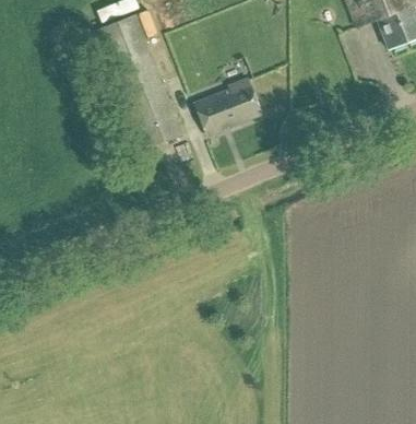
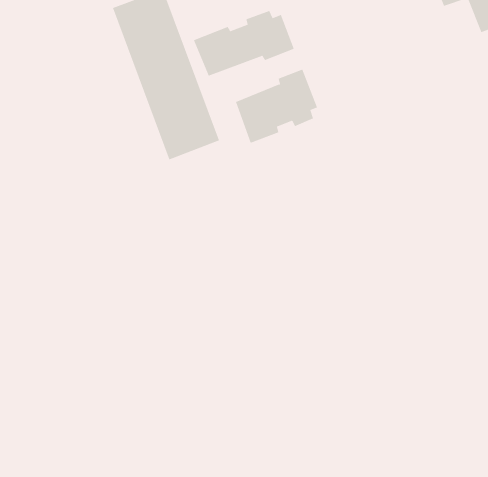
building: none -> [193,10,295,77]

